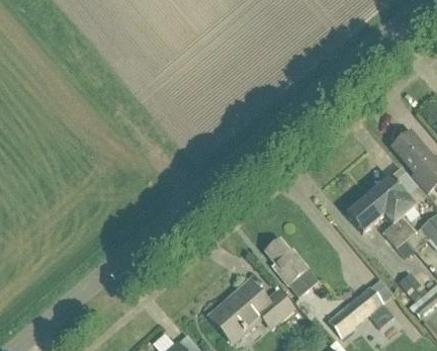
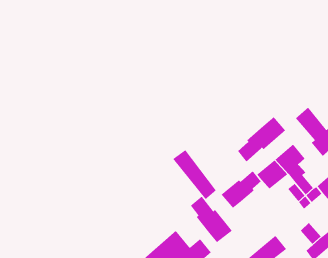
building: none -> [237,116,286,162]
building: none -> [172,149,217,200]
building: none -> [221,170,262,209]

